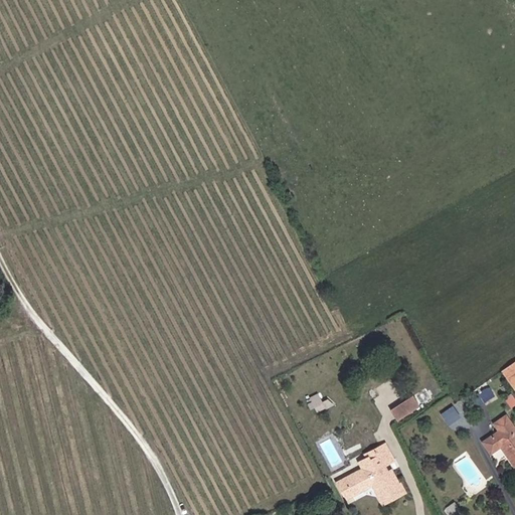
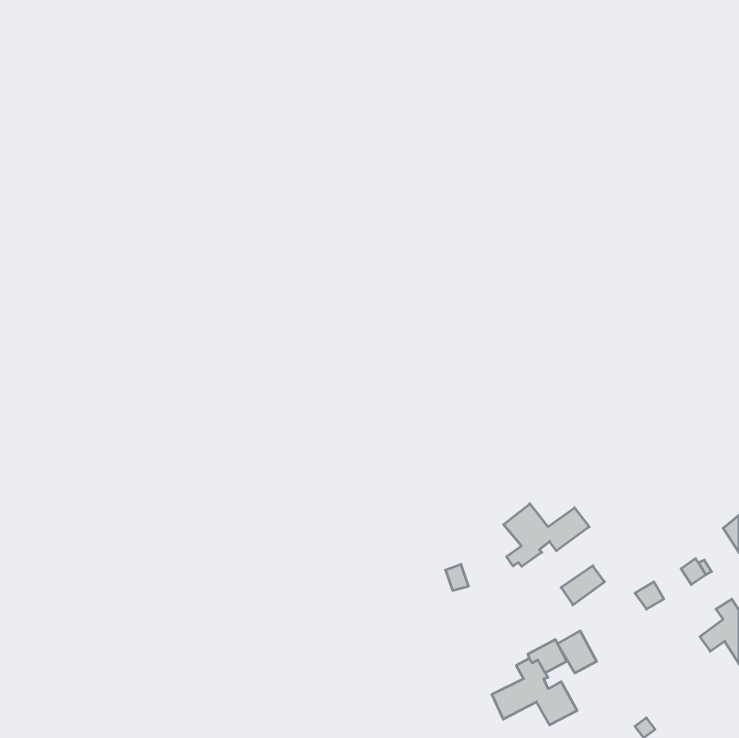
building: none -> [504,504,589,566]
building: none -> [558,631,597,673]

